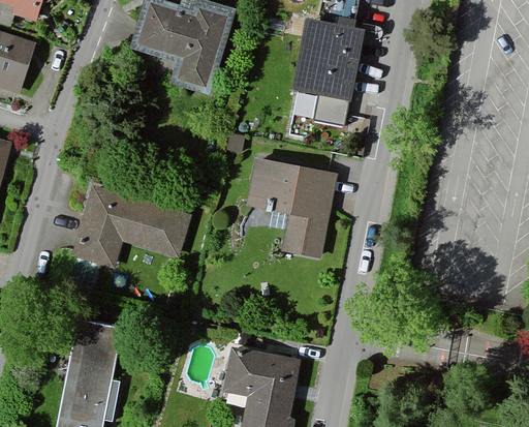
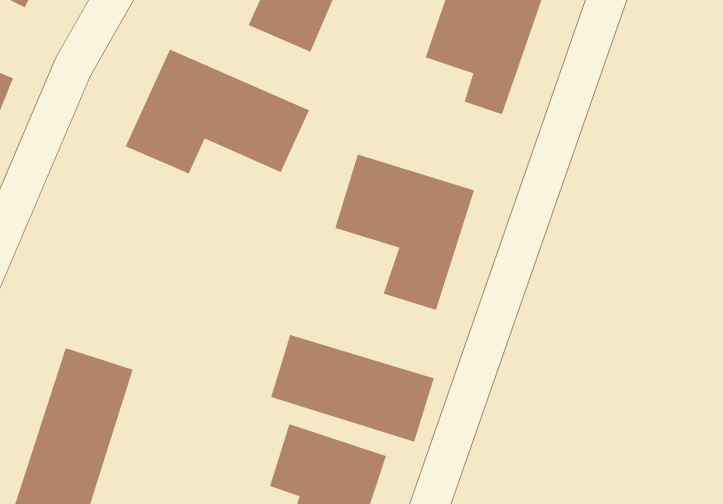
building: [71,186,191,268] -> [125,49,310,174]
building: none -> [270,334,434,442]

